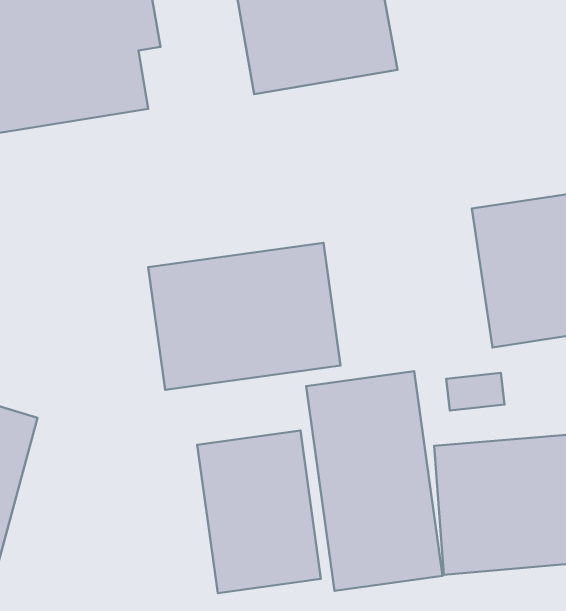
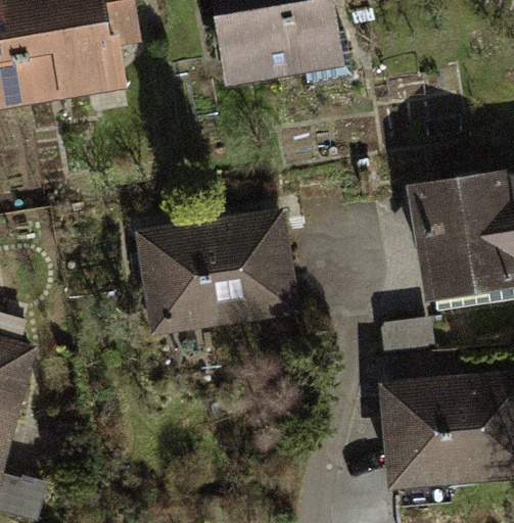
building: [306,371,443,591] -> none
building: [197,430,321,593] -> none

